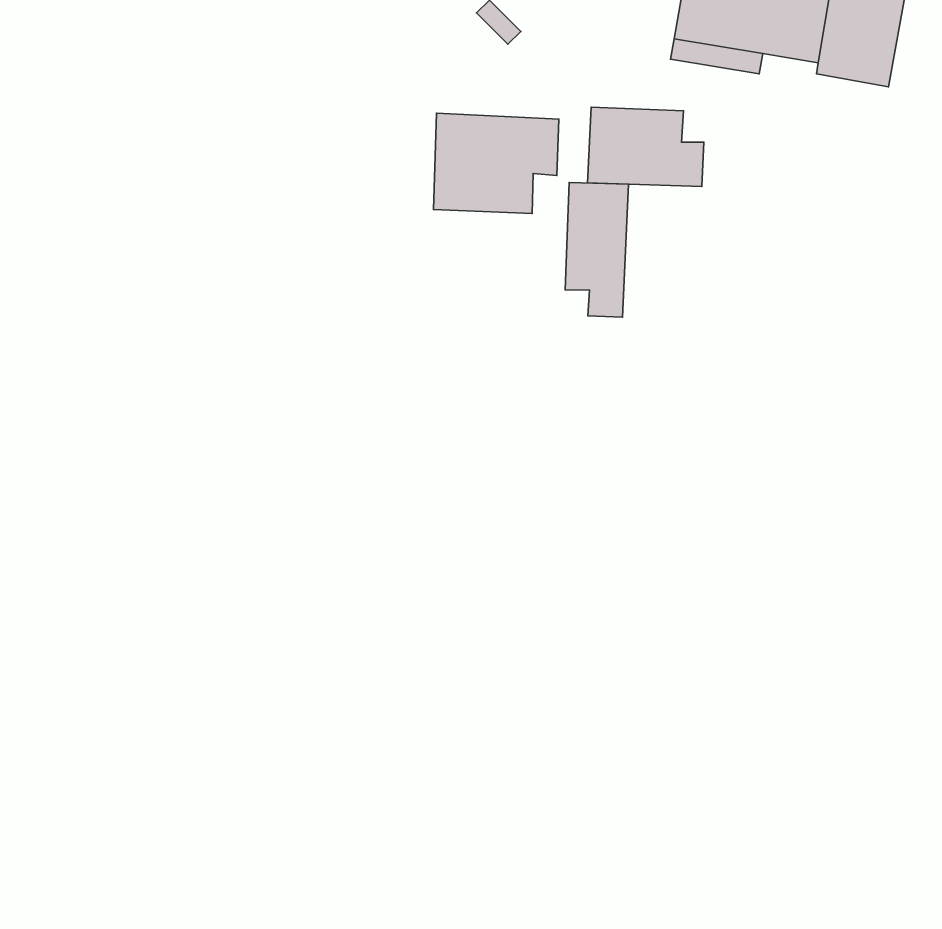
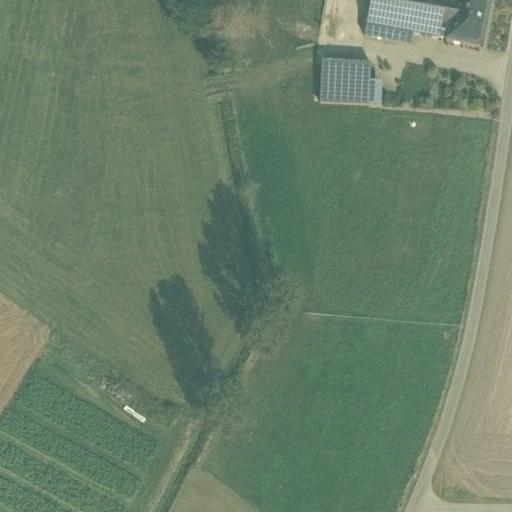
building: [433,113,559,214] -> none
building: [565,183,628,317] -> none

